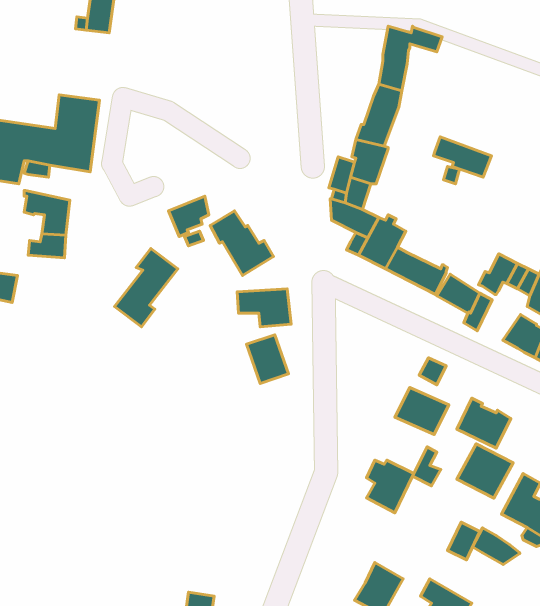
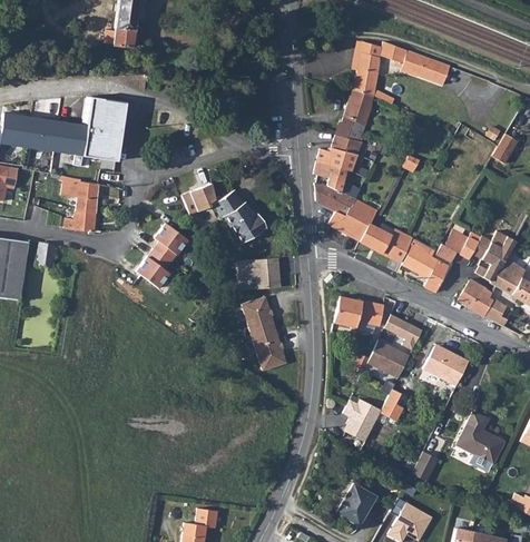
building: [433,137,491,177] -> [401,49,449,82]
building: none -> [333,294,383,326]
building: none -> [256,327,291,368]
building: [457,444,513,498] -> none
building: [473,528,520,564] -> none

